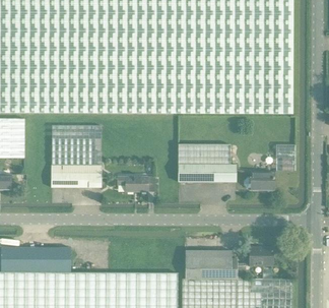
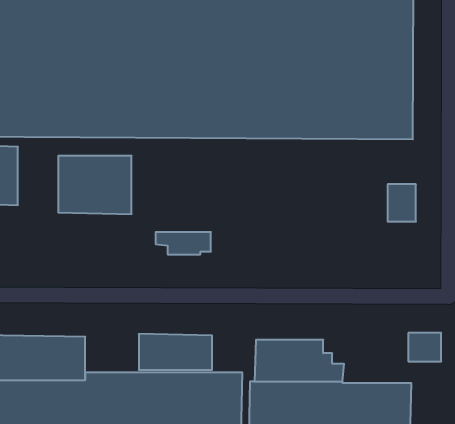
building: [178,144,237,183] -> none
building: [52,164,102,188] -> [139,334,212,370]
building: [244,172,274,190] -> none
building: [251,247,273,266] -> [408,333,441,361]

